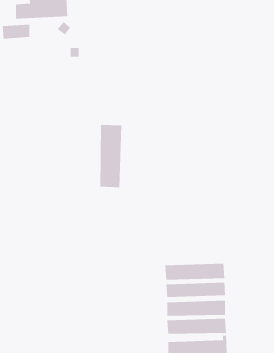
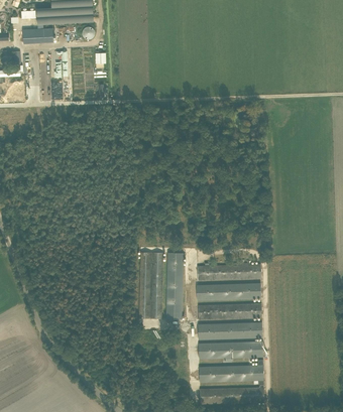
building: [99,124,122,188] -> [138,251,162,318]
building: none -> [165,250,183,318]
building: none -> [197,263,260,279]

